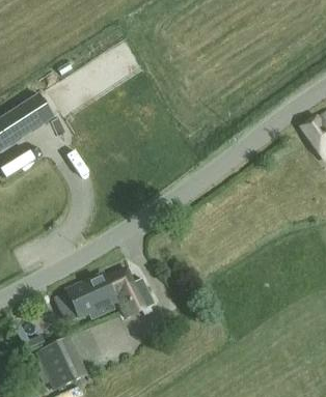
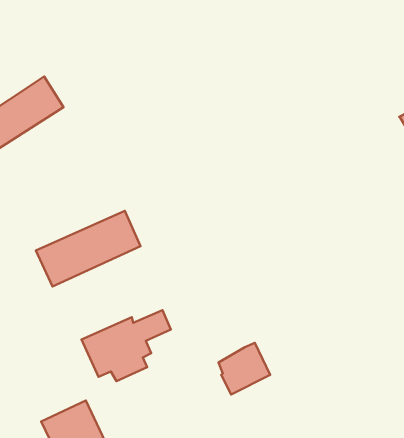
building: none -> [36,211,140,286]
building: [116,279,155,317] -> [219,343,270,394]

